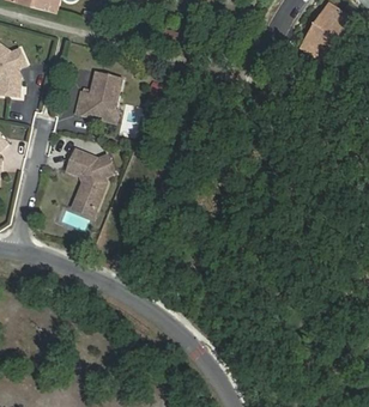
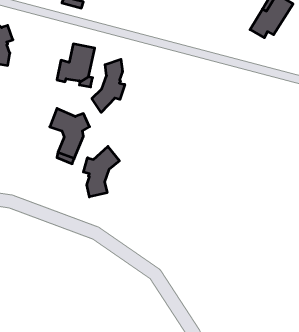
building: none -> [92,59,125,112]
building: none -> [83,146,119,197]

